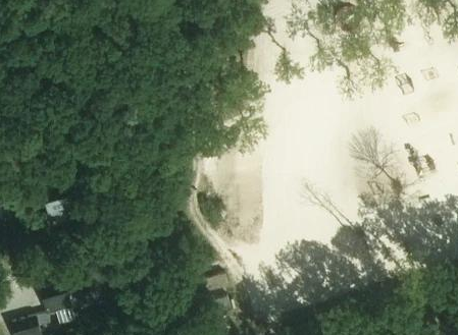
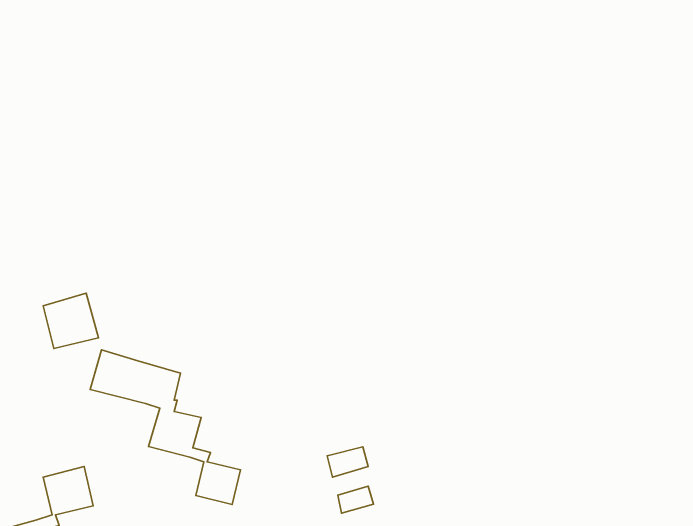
building: none -> [90,350,240,505]

